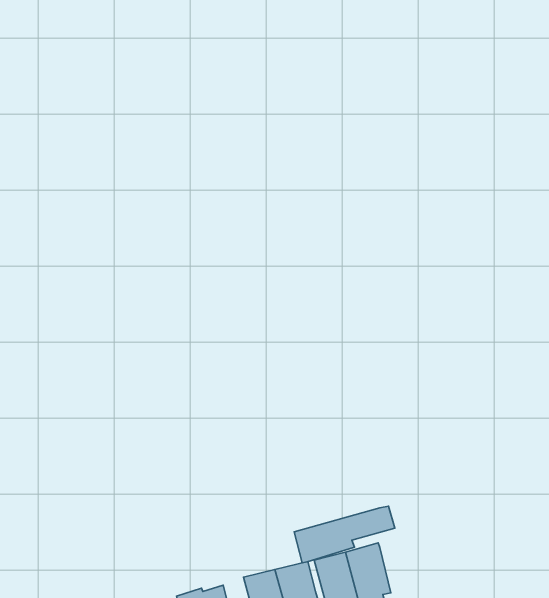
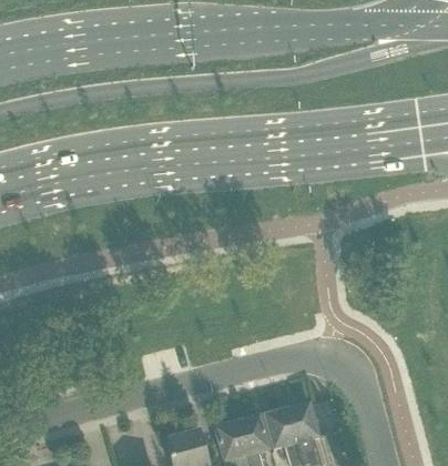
building: [294,506,395,563] -> none

